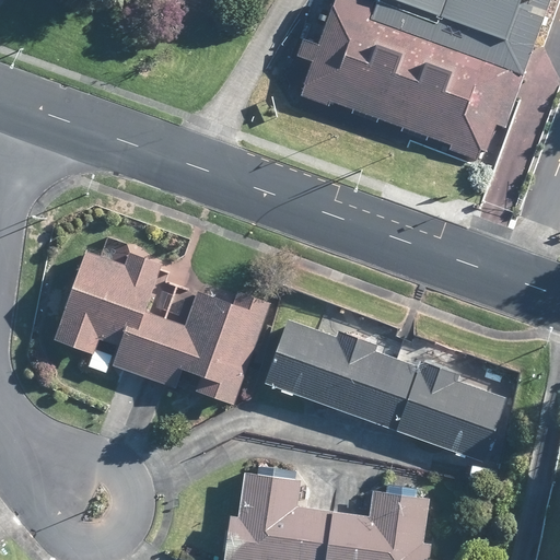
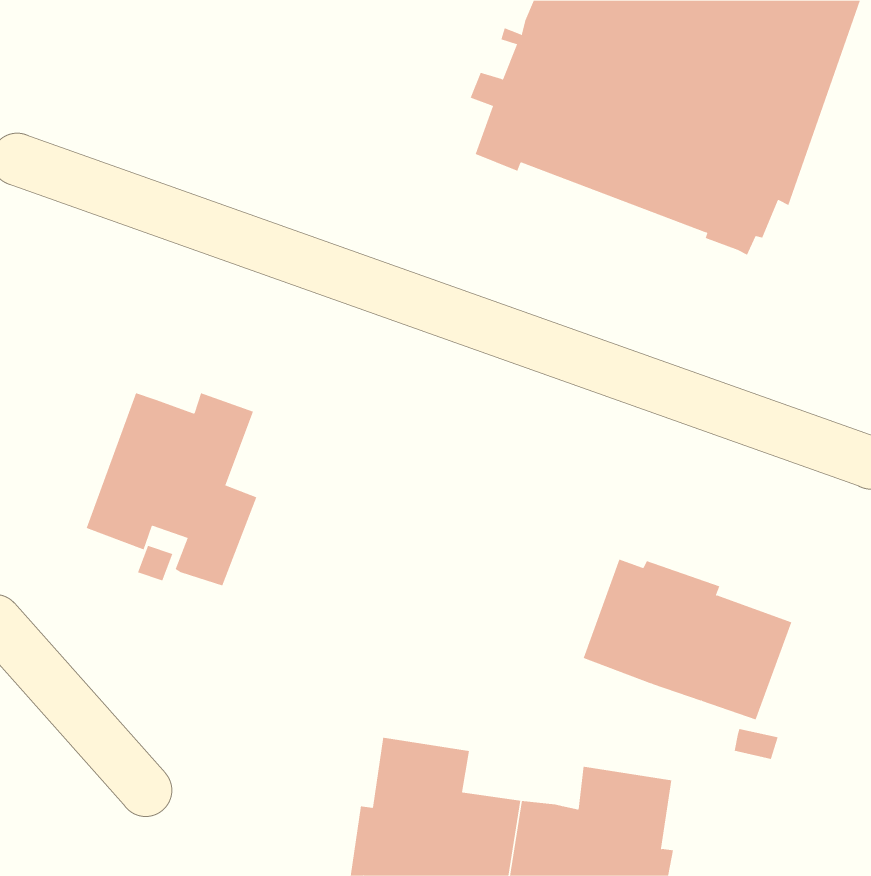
building: [142,290,268,401] -> none
building: [265,318,395,420] -> none

